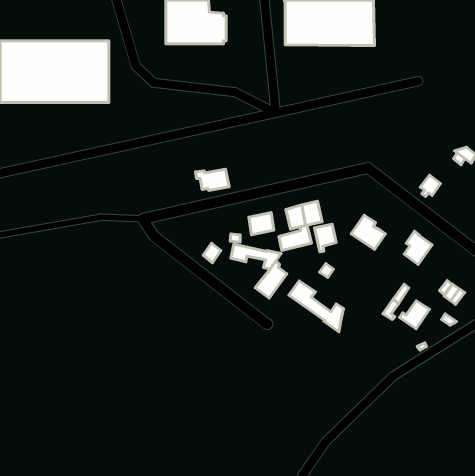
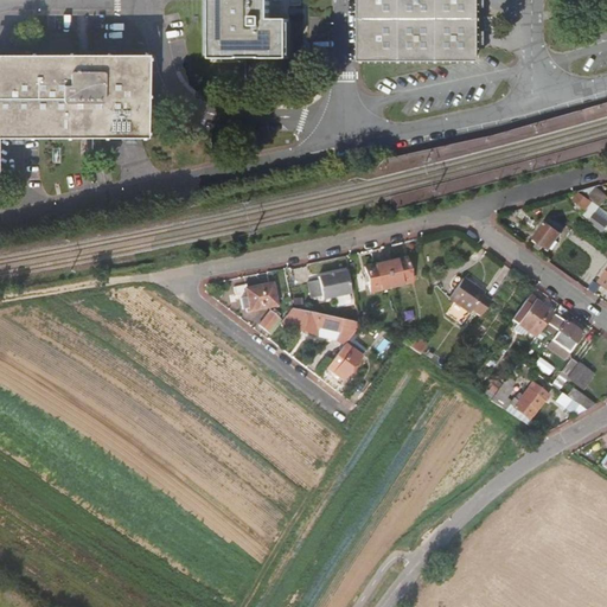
building: [196,169,229,190] -> [232,282,275,309]
building: [315,224,336,252] -> none
building: [279,225,311,250] -> none
building: none -> [548,314,581,352]
building: [289,281,344,332] -> none

